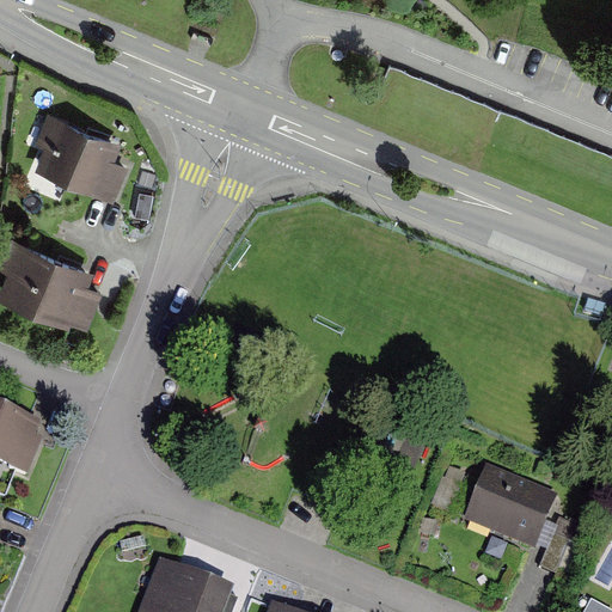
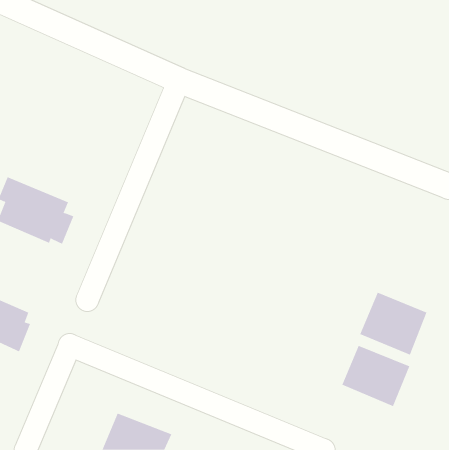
building: [33,115,127,203] -> none
building: none -> [359,292,427,355]

